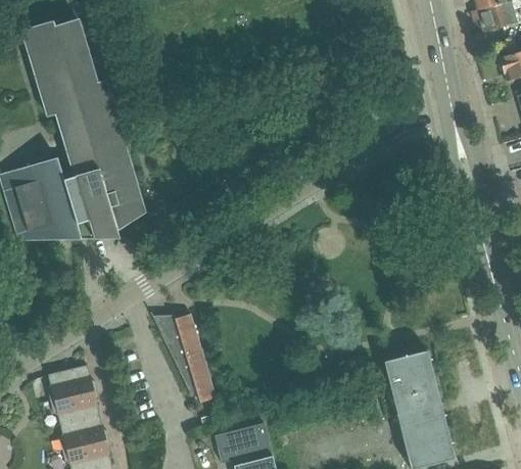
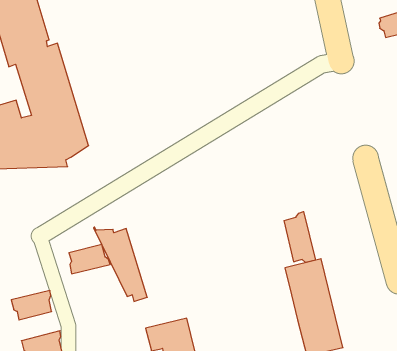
building: none -> [284,212,316,262]
building: [48,365,98,401] -> [69,244,110,274]
building: [60,415,110,451] -> none

